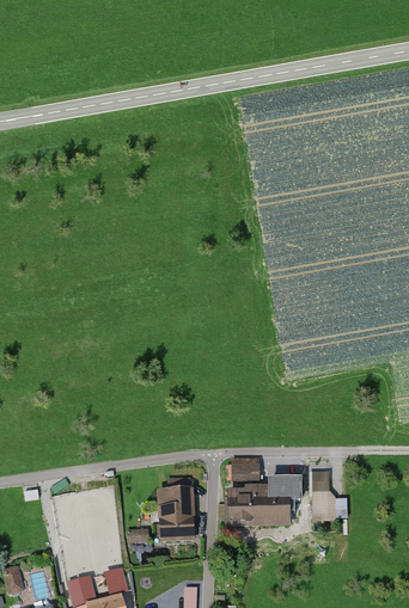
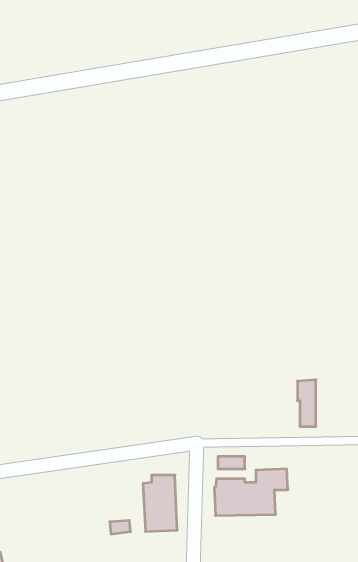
building: [310,471,328,516] -> [297,380,316,427]

